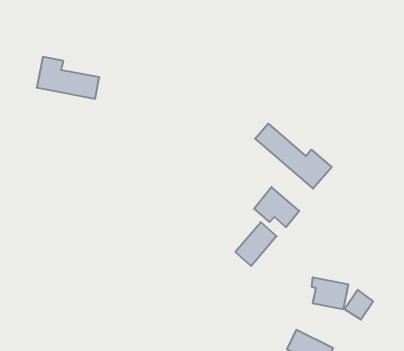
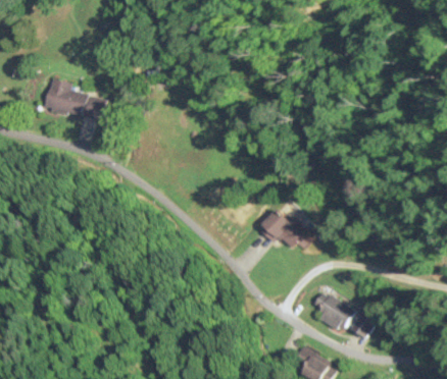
building: [255,124,332,189] -> none
building: [235,222,277,266] -> none

